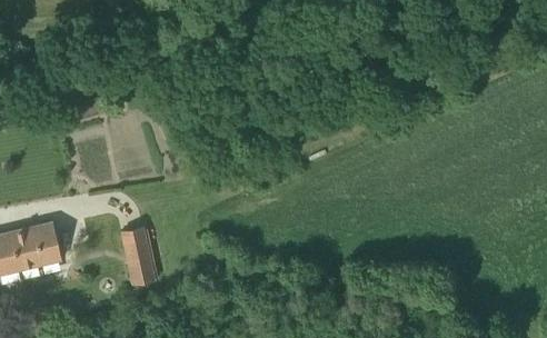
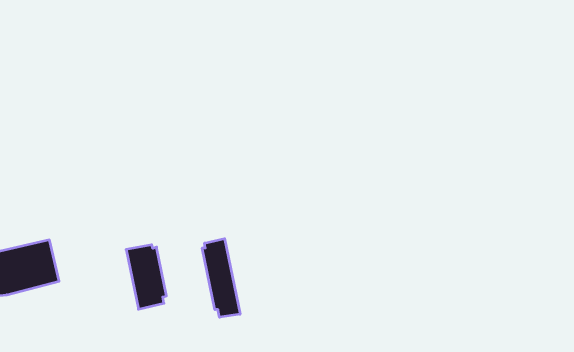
building: none -> [202,239,240,317]

